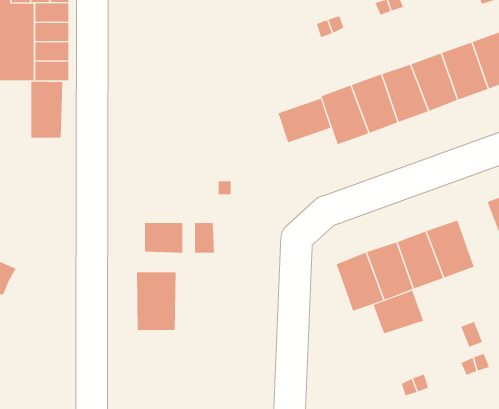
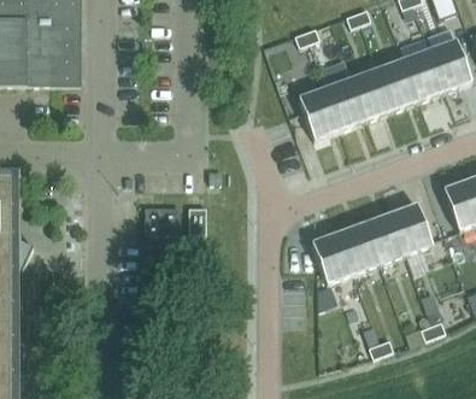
building: [31,81,63,139] -> none
building: [278,98,331,143] -> none
building: [137,272,176,331] -> none
building: [373,290,424,334] -> none

